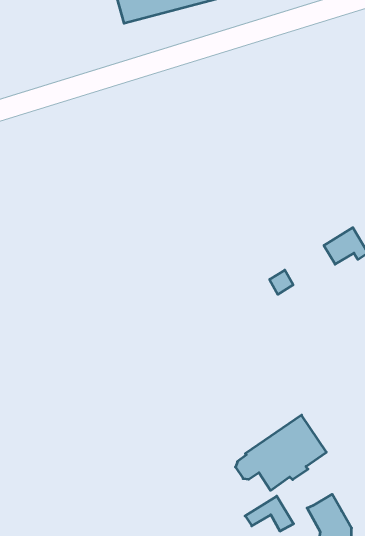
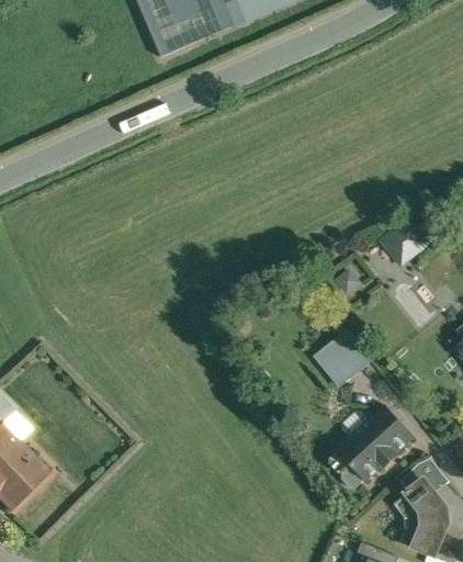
building: none -> [313,328,372,386]
building: [245,496,294,531] -> [399,457,447,490]

